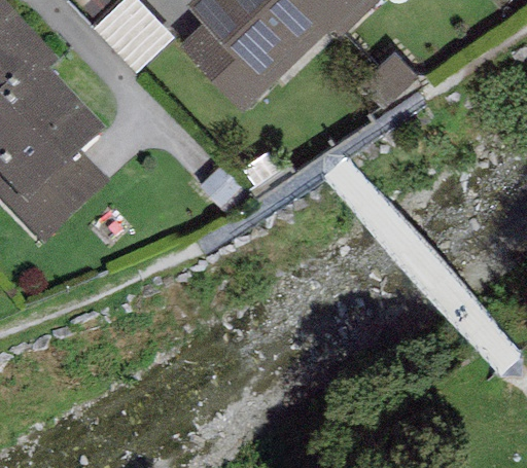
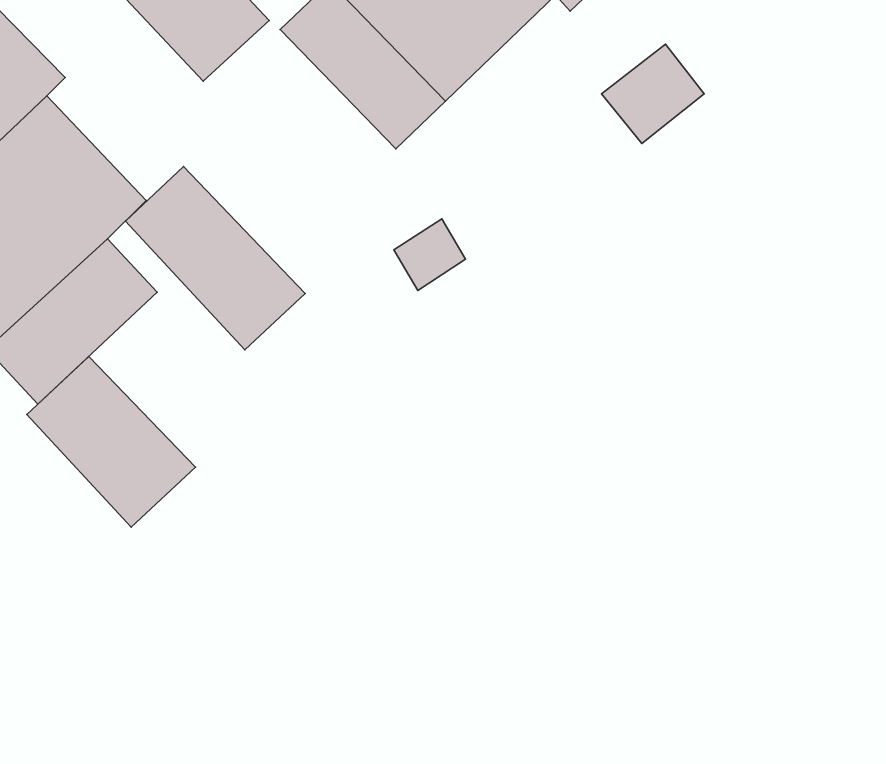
building: none -> [125,167,305,350]
building: none -> [27,356,196,527]

